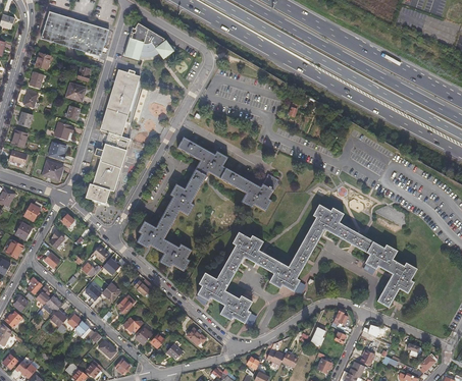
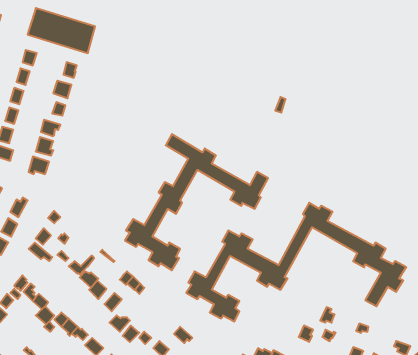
building: [124,21,174,58] -> none
building: [88,70,142,204] -> none

